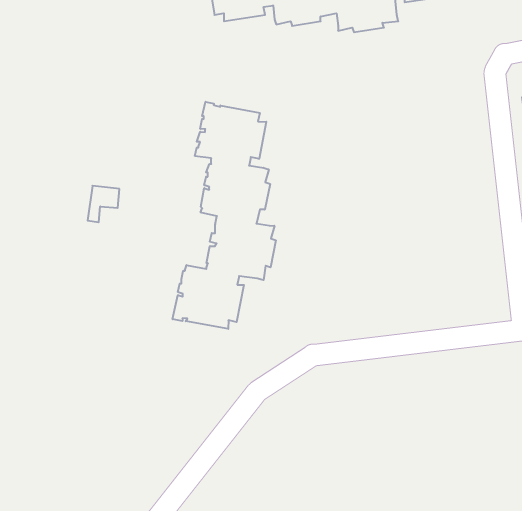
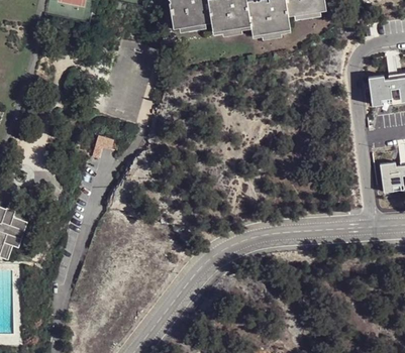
building: [173,102,276,329] -> none

